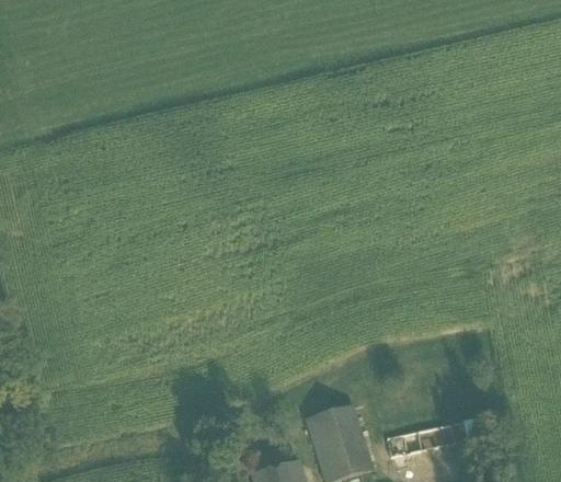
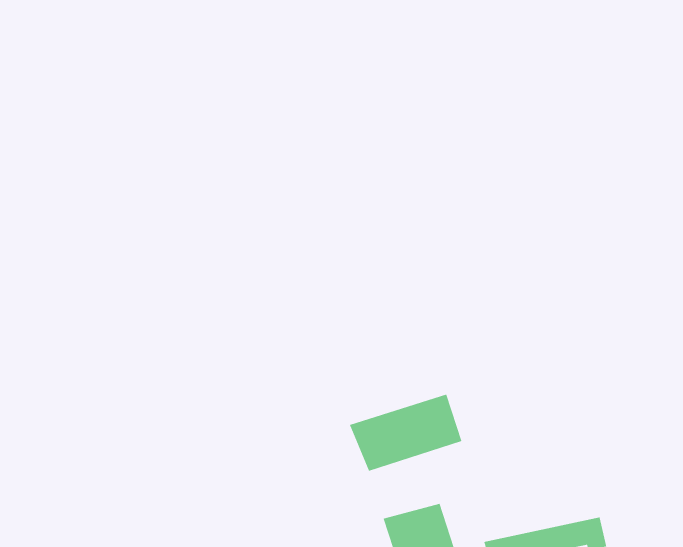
building: none -> [349,393,463,472]

